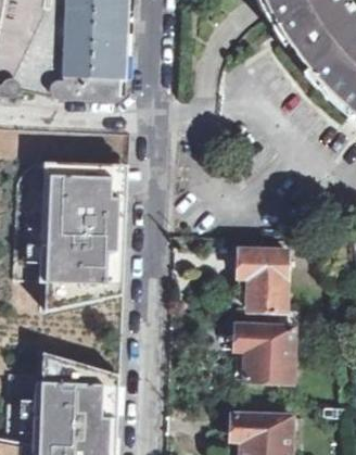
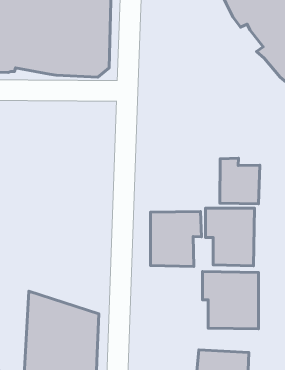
building: [40,161,123,311] -> none
building: none -> [220,158,260,204]
building: none -> [150,211,202,266]

